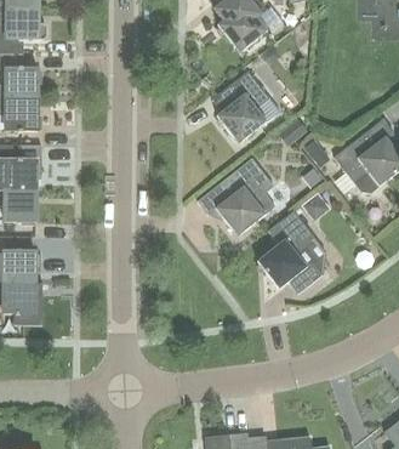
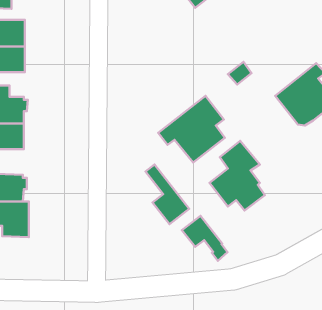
building: [212,70,269,143] -> none
building: none -> [145,164,189,224]
building: none -> [182,216,228,261]

